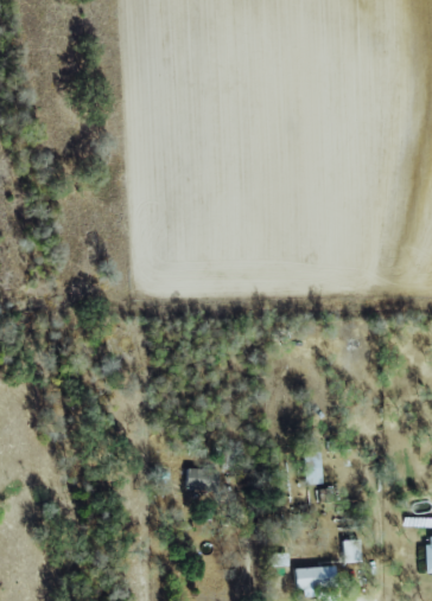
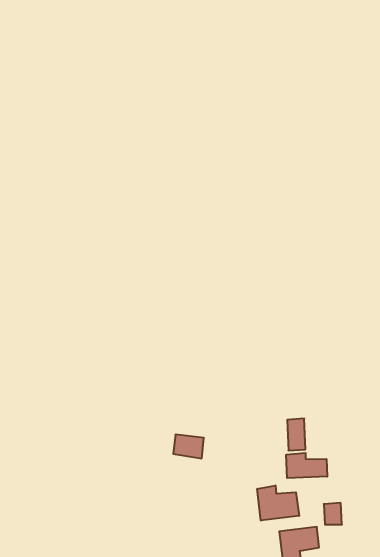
building: none -> [286,453,327,478]
building: none -> [257,485,299,521]

